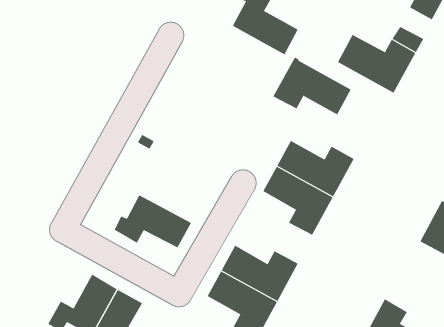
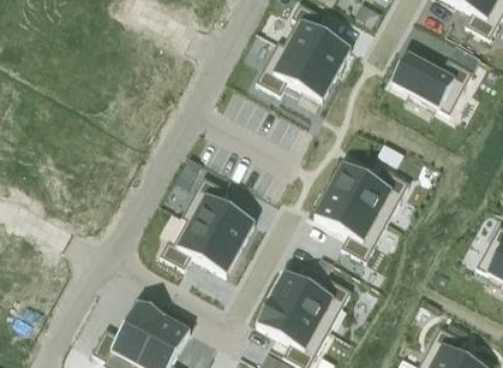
building: [272,57,351,115] -> [255,40,336,100]
building: none -> [180,174,255,247]

